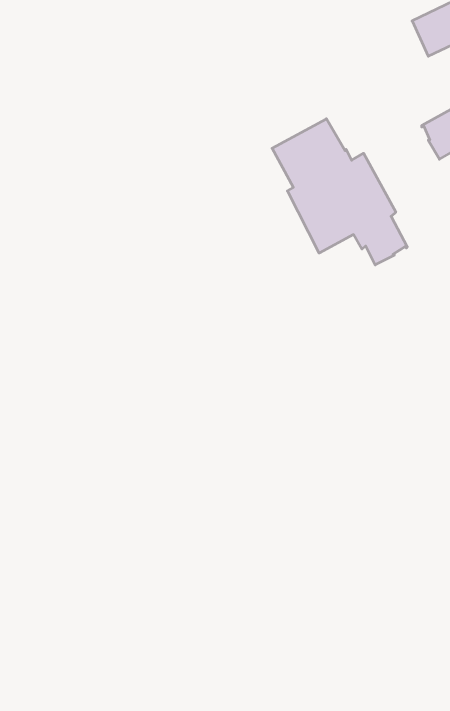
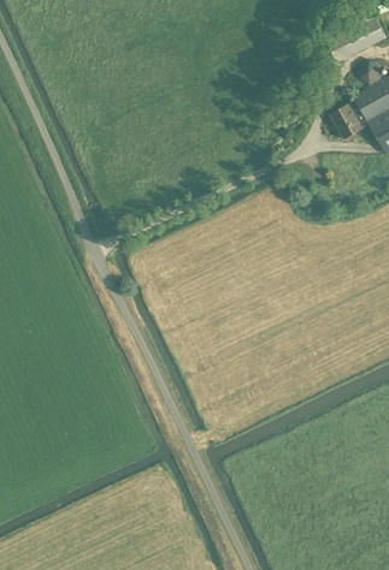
building: [272,119,407,265] -> none

